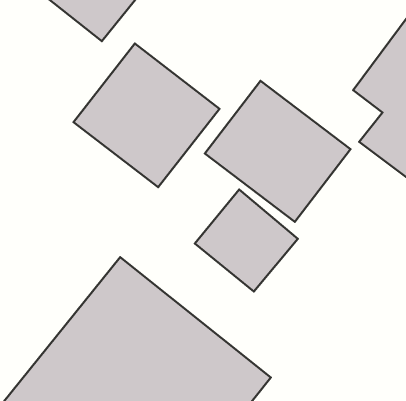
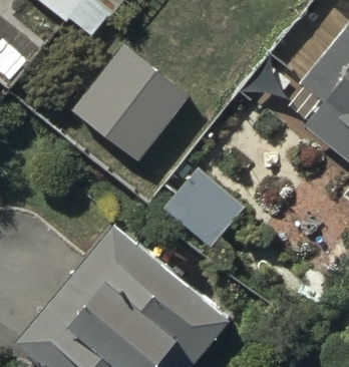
building: [205,81,351,222] -> none

